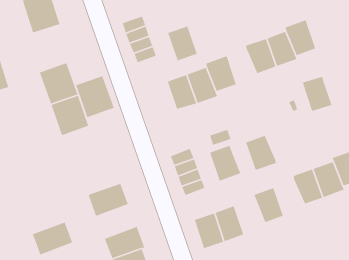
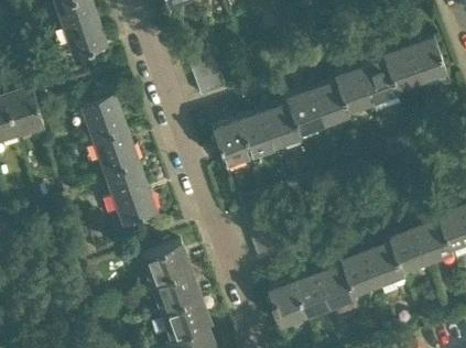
building: [167,25,198,61] -> [213,121,250,165]
building: none -> [312,81,349,126]
building: [75,75,115,118] -> [109,176,158,229]
building: [302,76,332,112] -> [409,37,446,81]
building: [245,135,277,171] -> [369,242,408,286]
building: [209,145,242,182] -> [321,264,360,309]
building: [32,221,73,256] -> [151,272,202,314]

